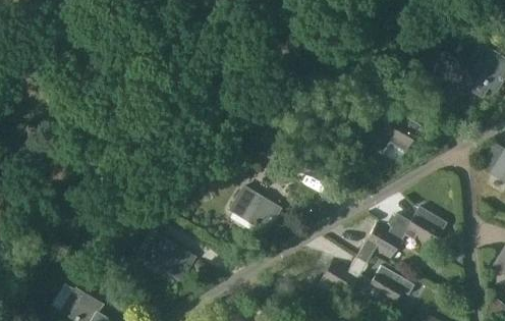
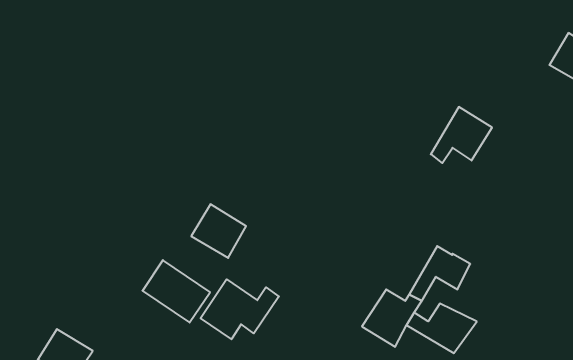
building: [237,191,281,233] -> [191,204,246,258]
building: [390,208,445,250] -> none
building: none -> [201,279,279,339]

